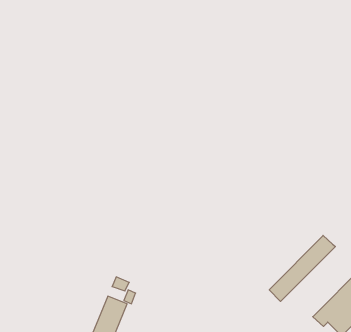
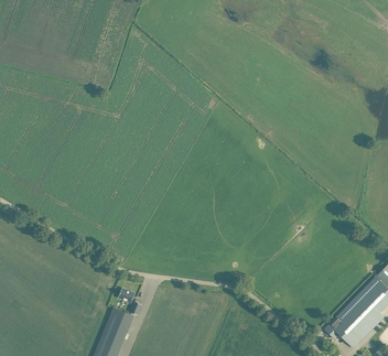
building: [269,235,335,301] -> none

